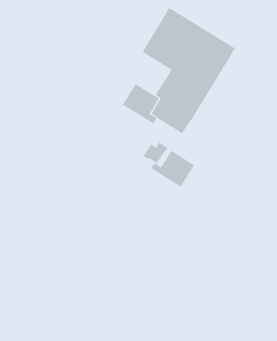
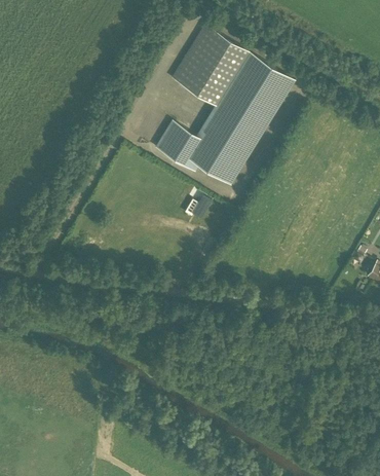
building: [151,150,195,188] -> none

